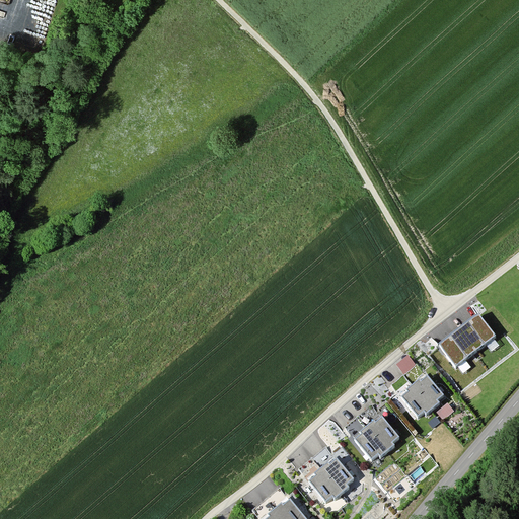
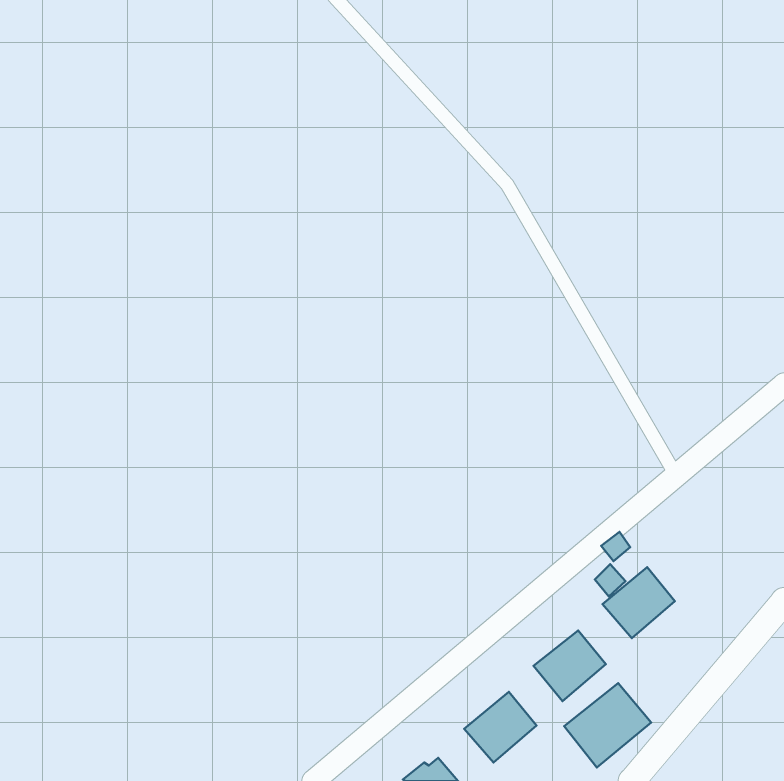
building: [439,314,496,366] -> none
building: none -> [564,683,651,768]

